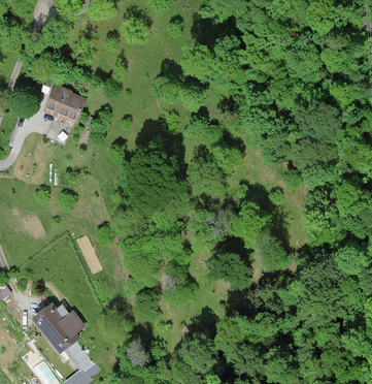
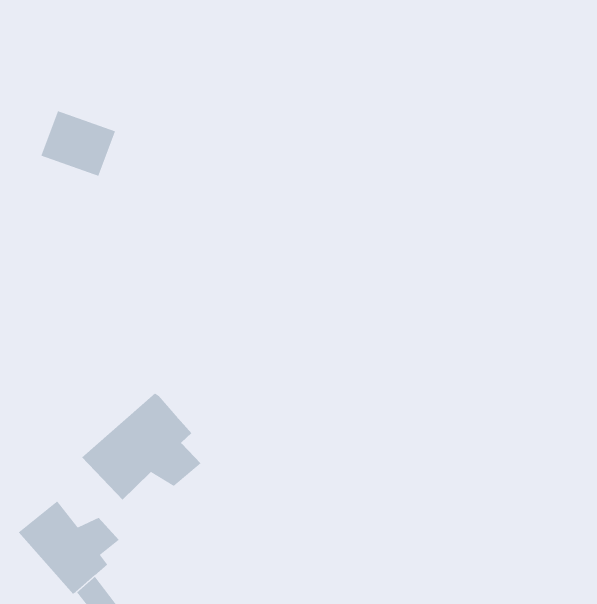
building: none -> [81,393,201,501]

